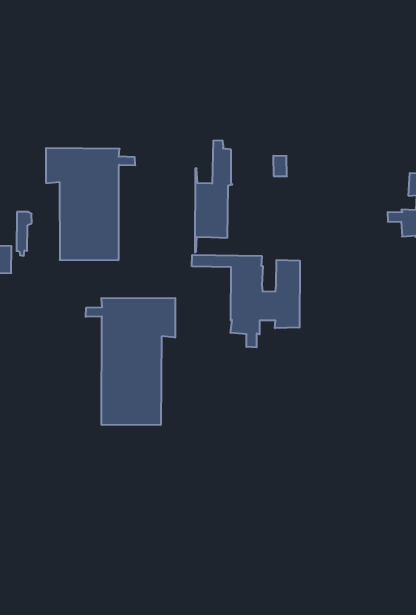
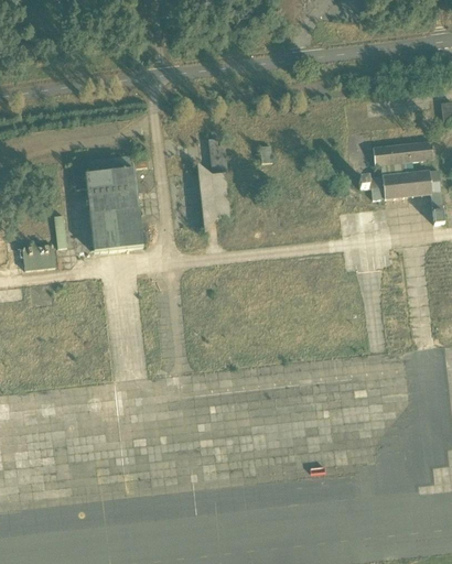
building: [192,255,300,347] -> none
building: [86,298,175,425] -> none

